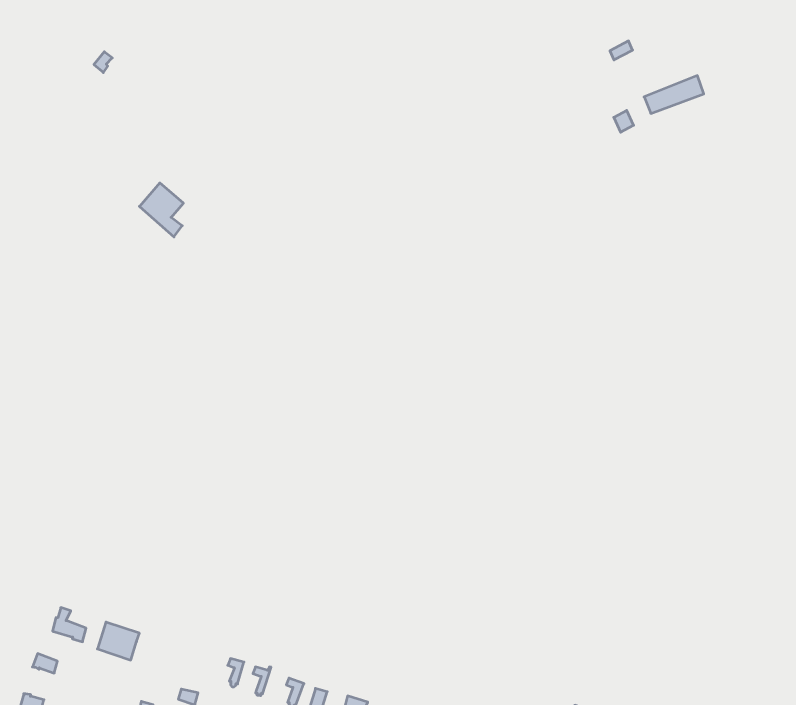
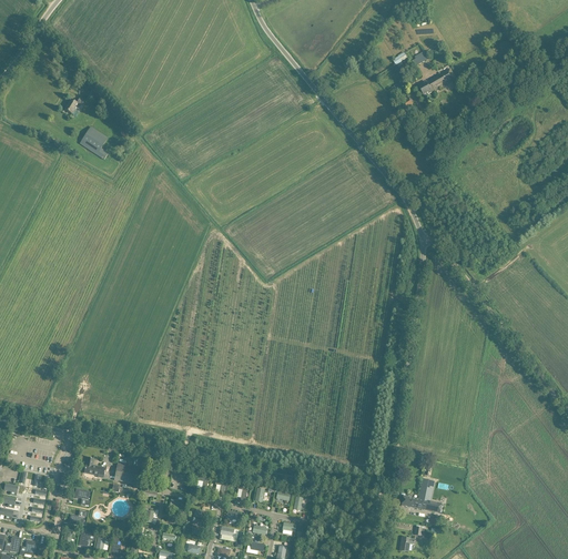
building: [139,183,183,237] -> [80,126,109,160]

